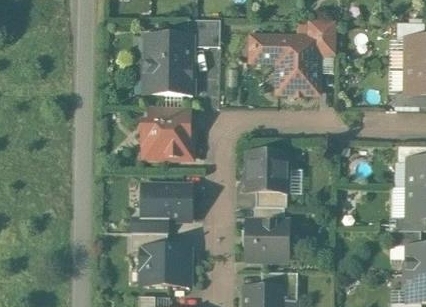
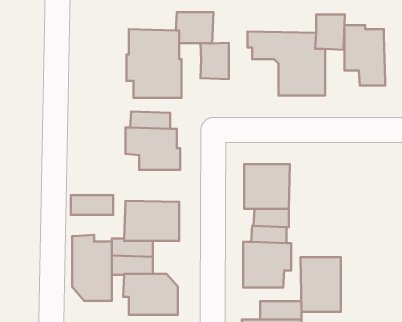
building: none -> [344,25,385,86]
building: none -> [201,43,229,79]
building: none -> [71,195,113,215]
building: none -> [72,235,112,301]
building: none -> [301,257,341,312]

